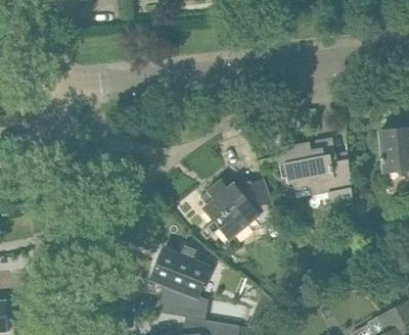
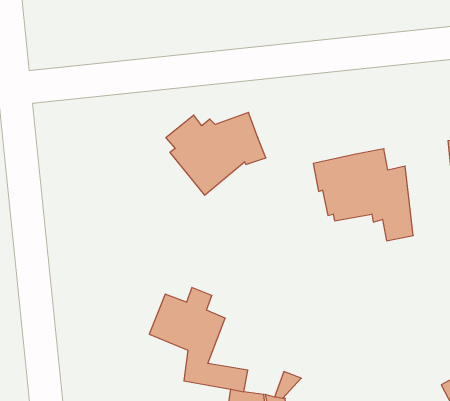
building: [199,178,276,241] -> [166,112,266,195]

